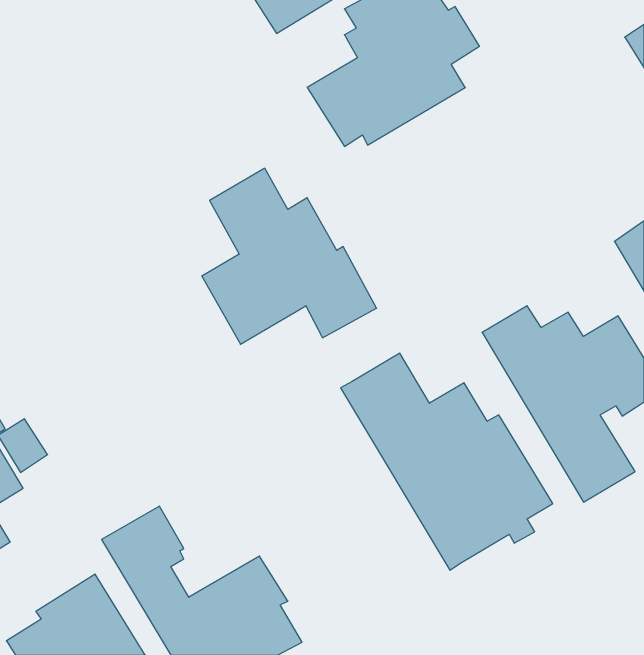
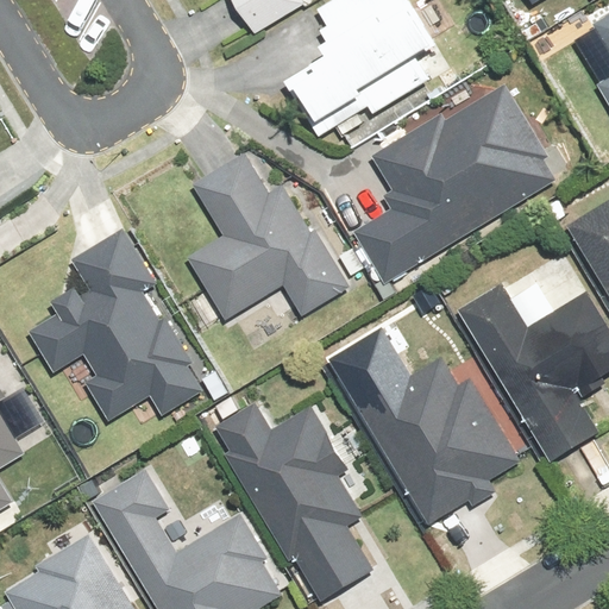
building: none -> [354,83,557,282]
building: none -> [29,228,200,421]
building: none -> [215,403,373,601]

